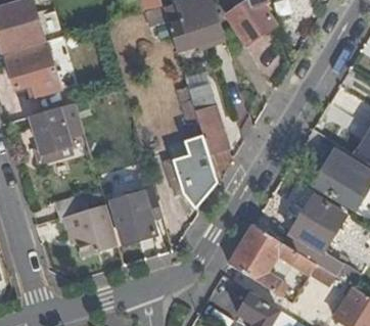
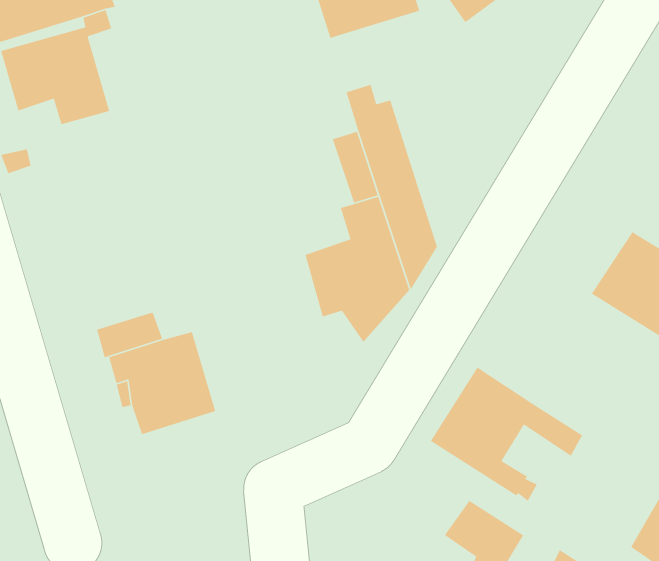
building: [31,103,83,164] -> none
building: [108,189,159,246] -> none
building: [282,196,342,276] -> none

